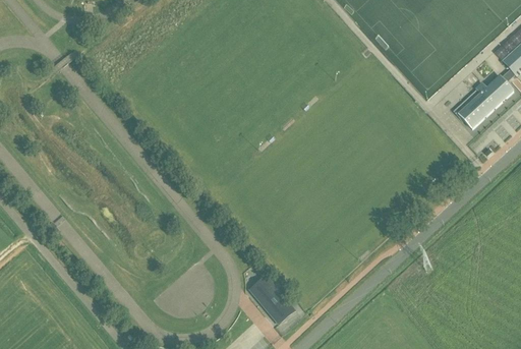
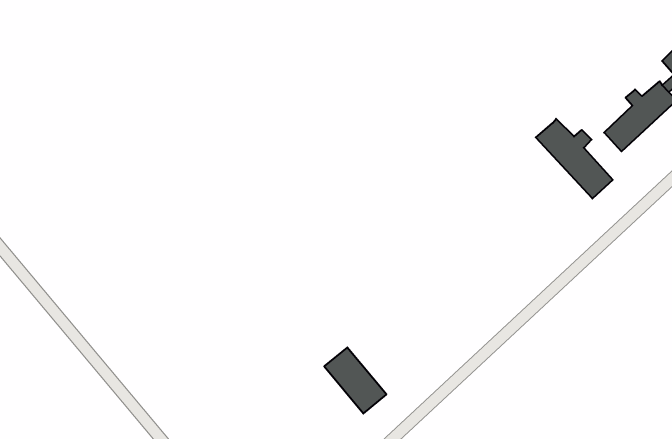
building: none -> [536,119,613,199]

